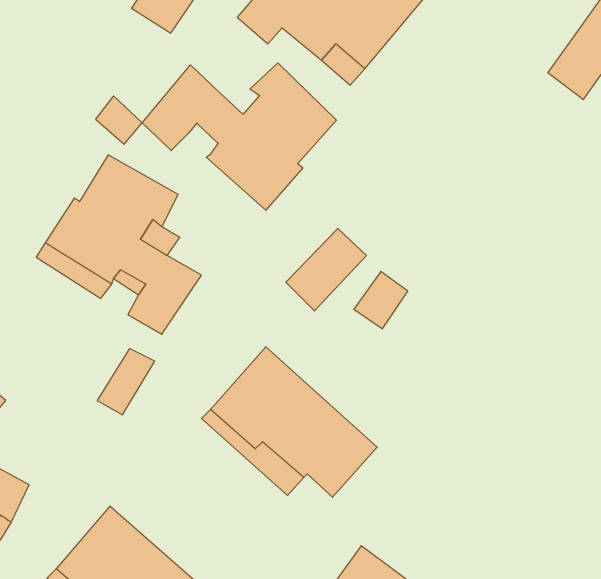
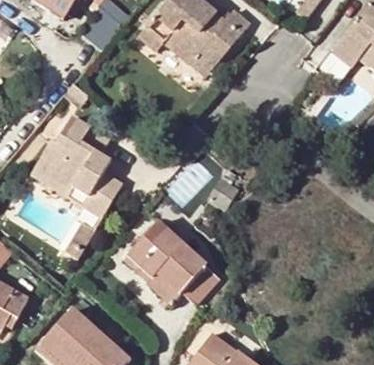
building: [142,63,337,210] -> none

